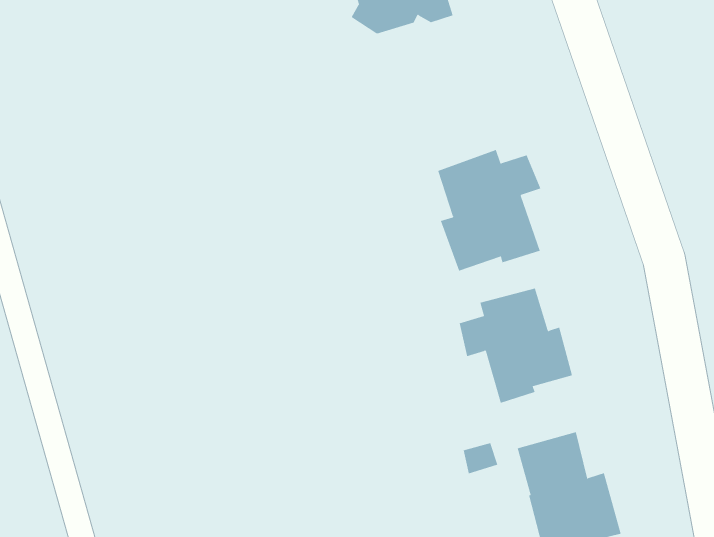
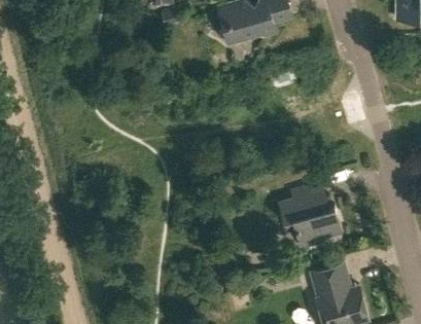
building: [437,149,541,271] -> none

